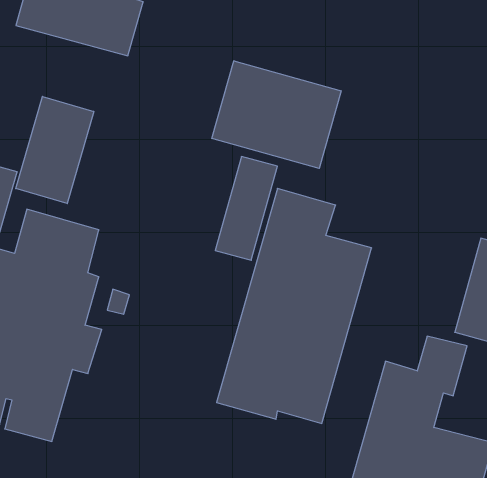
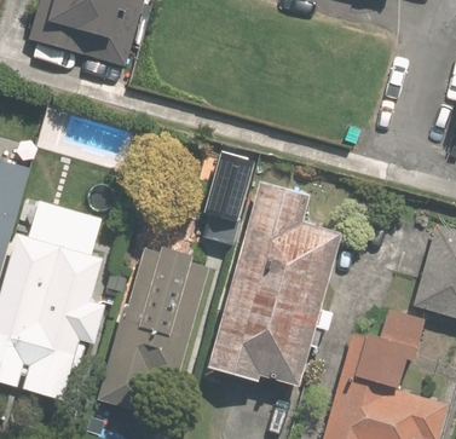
building: [212,61,341,168] -> none
building: [16,96,94,204] -> none
building: none -> [100,247,210,410]

